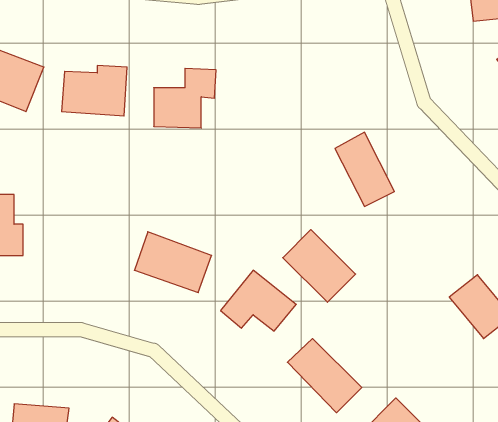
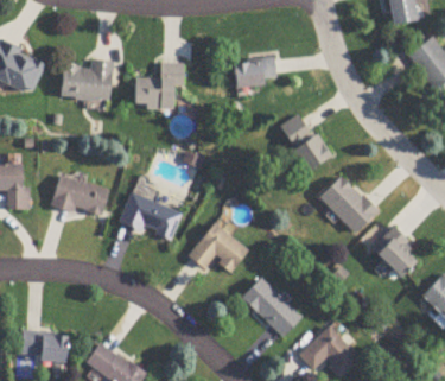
building: none -> [231,57,276,89]
building: none -> [51,176,108,217]
building: [283,230,356,302] -> [319,174,377,233]

